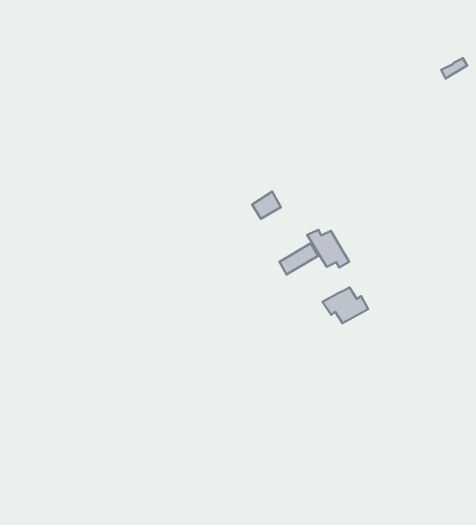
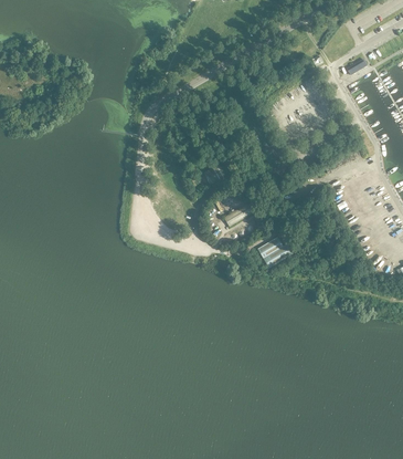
building: [307,230,349,268] -> none

